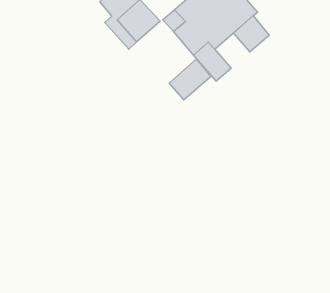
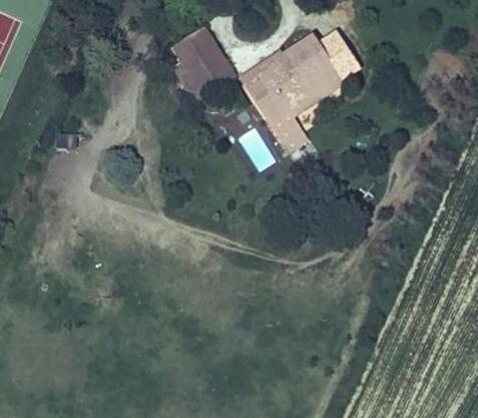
building: [234,16,269,52] -> none
building: [169,59,211,100] -> none

